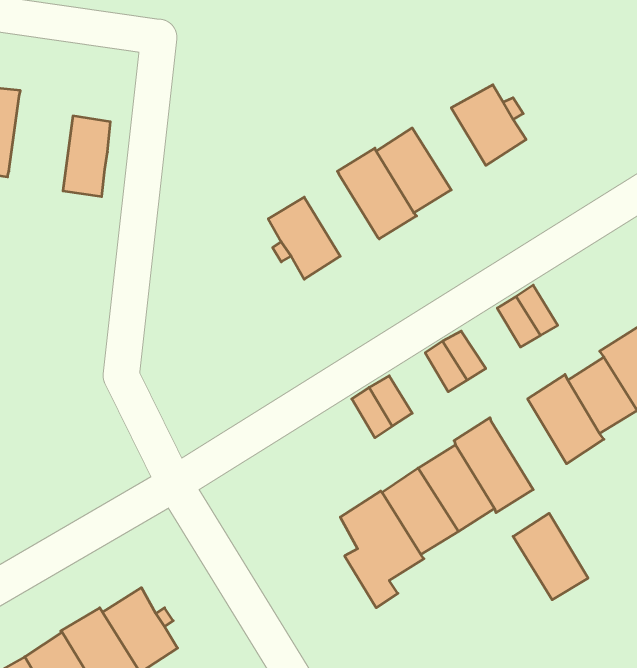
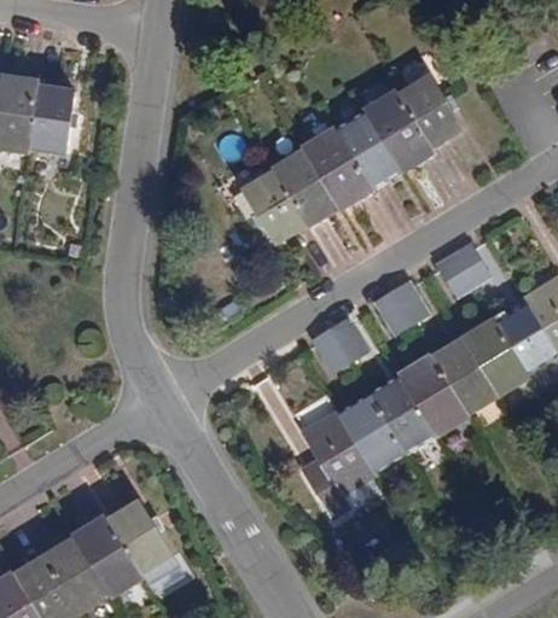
building: none -> [365,92,430,167]
building: [63,116,110,197] -> [28,86,68,153]
building: none -> [274,151,337,221]
building: [513,513,588,600] -> [432,339,495,412]

